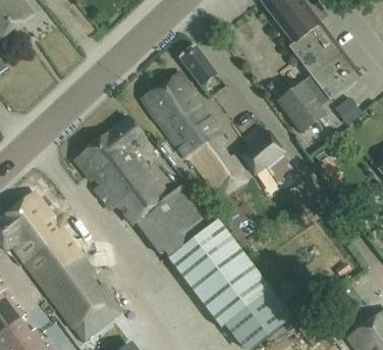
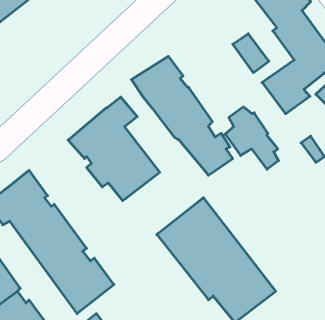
building: [178,44,216,85] -> [233,34,269,73]
building: [134,184,211,257] -> none

